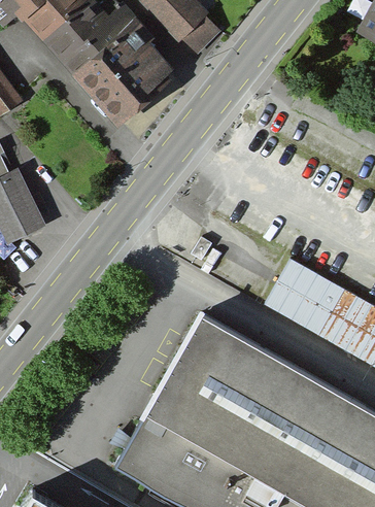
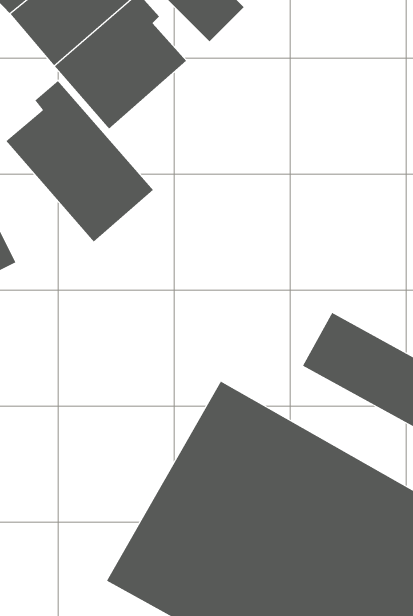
building: none -> [5,80,154,243]

